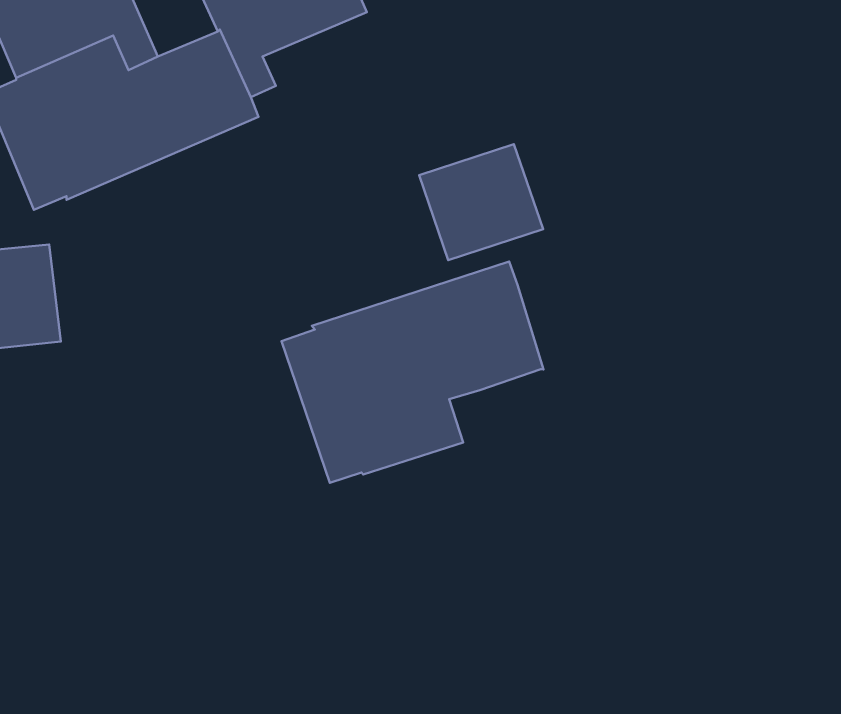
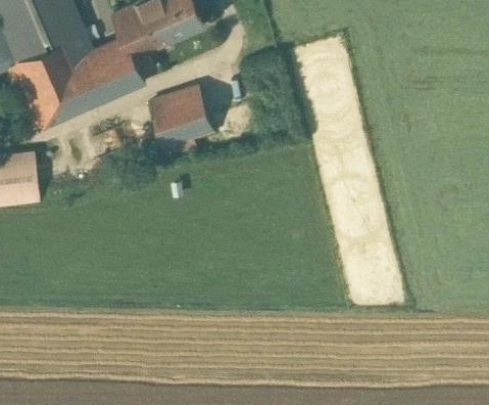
building: [419,144,543,260] -> [146,83,211,144]
building: [281,261,544,483] -> none

